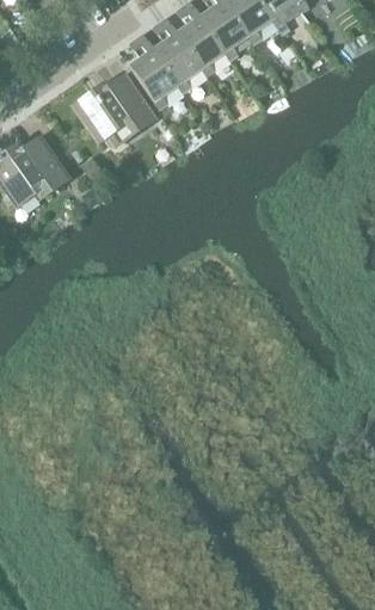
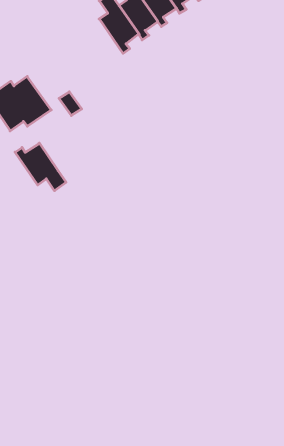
building: [74,75,154,141] -> none
building: none -> [15,143,66,191]

